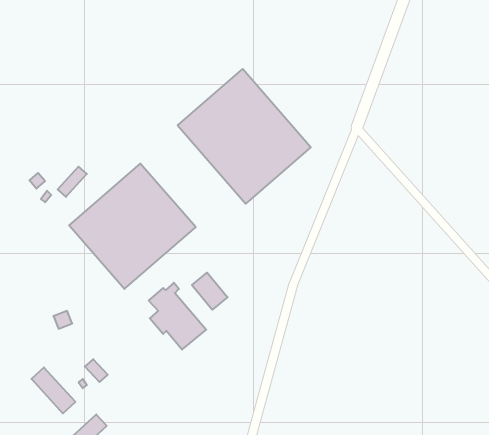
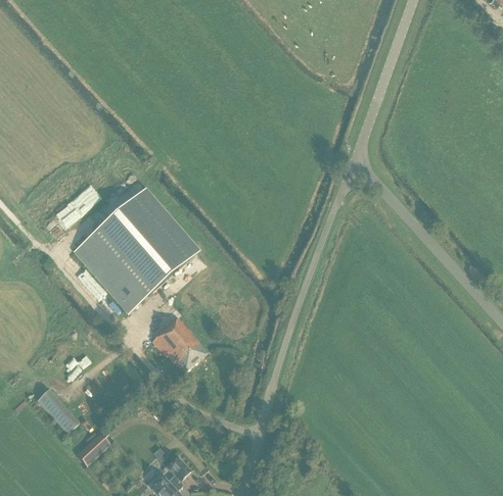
building: [178,69,311,204] -> none
building: [192,273,228,310] -> none

